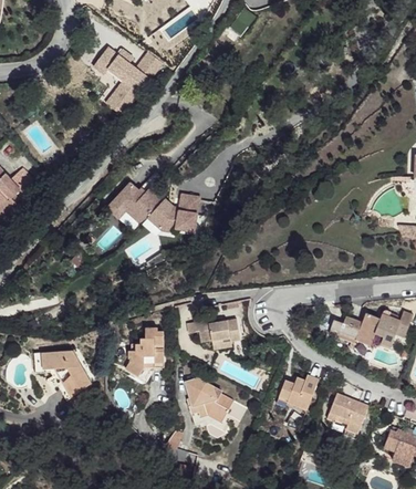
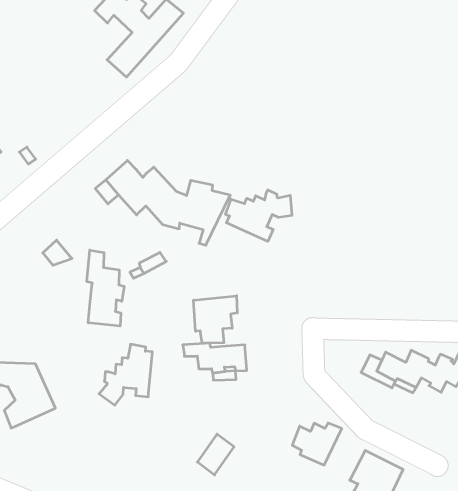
building: none -> [226,190,292,241]
building: none -> [87,250,124,326]
building: none -> [194,296,237,343]
building: [184,377,220,417] -> none

